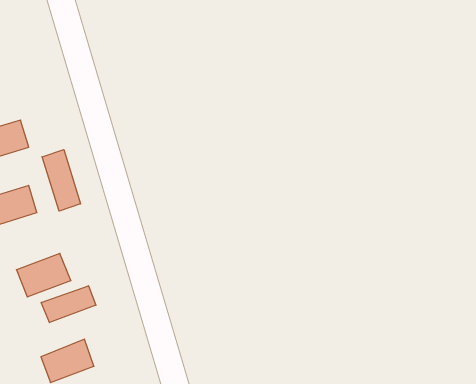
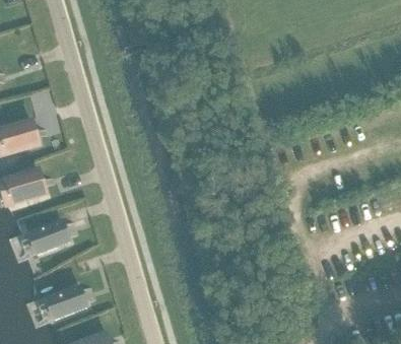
building: [42,150,81,211] -> none
building: [41,286,96,323] -> none

